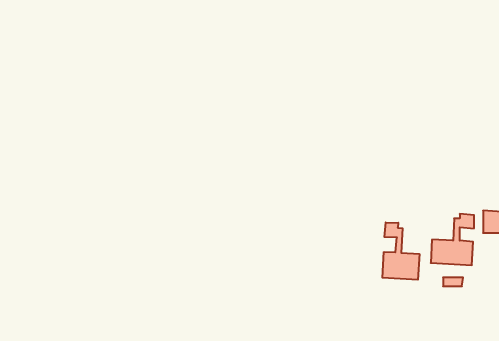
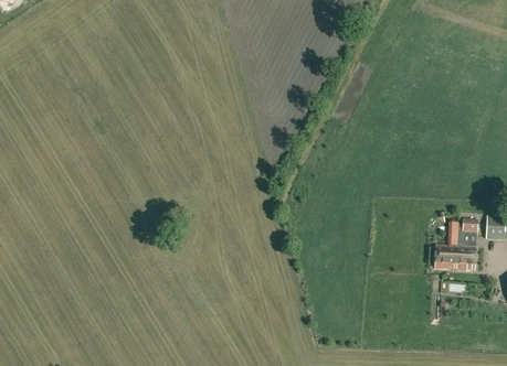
building: [382,222,419,280] -> none

